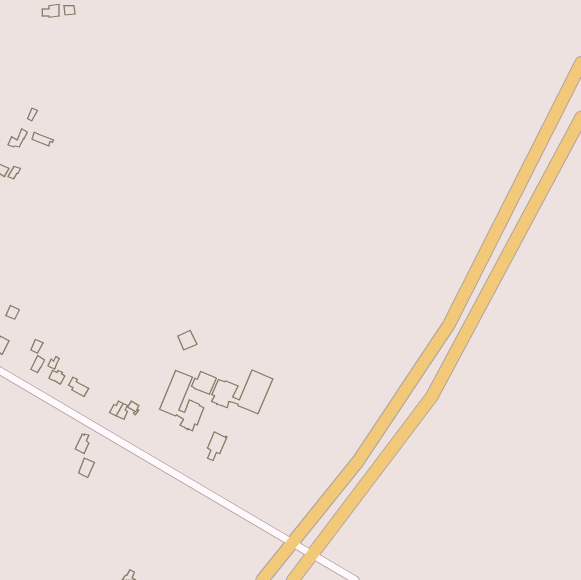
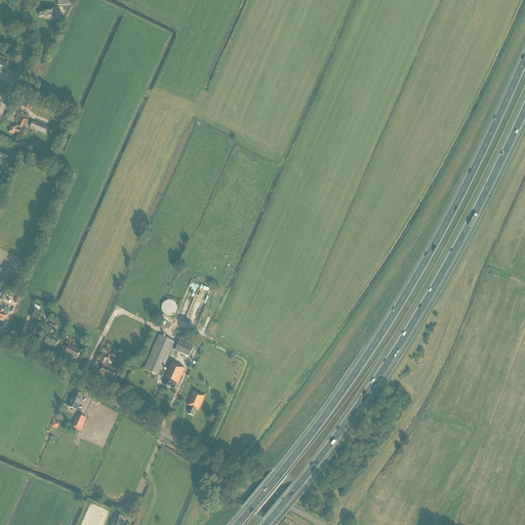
building: [212,370,273,414] -> none

